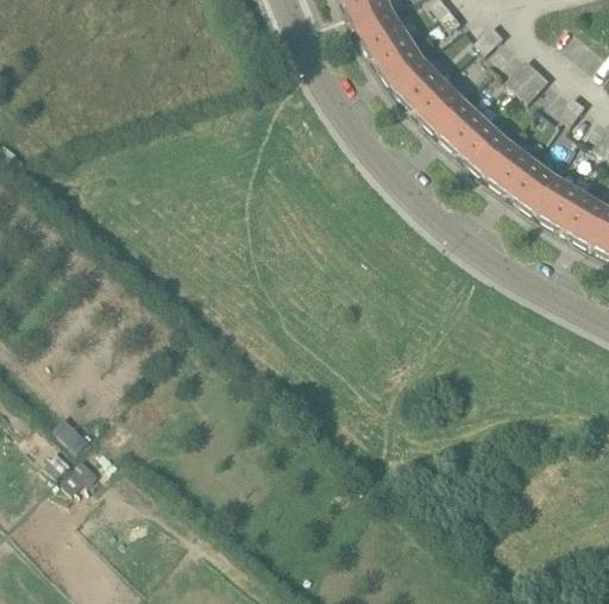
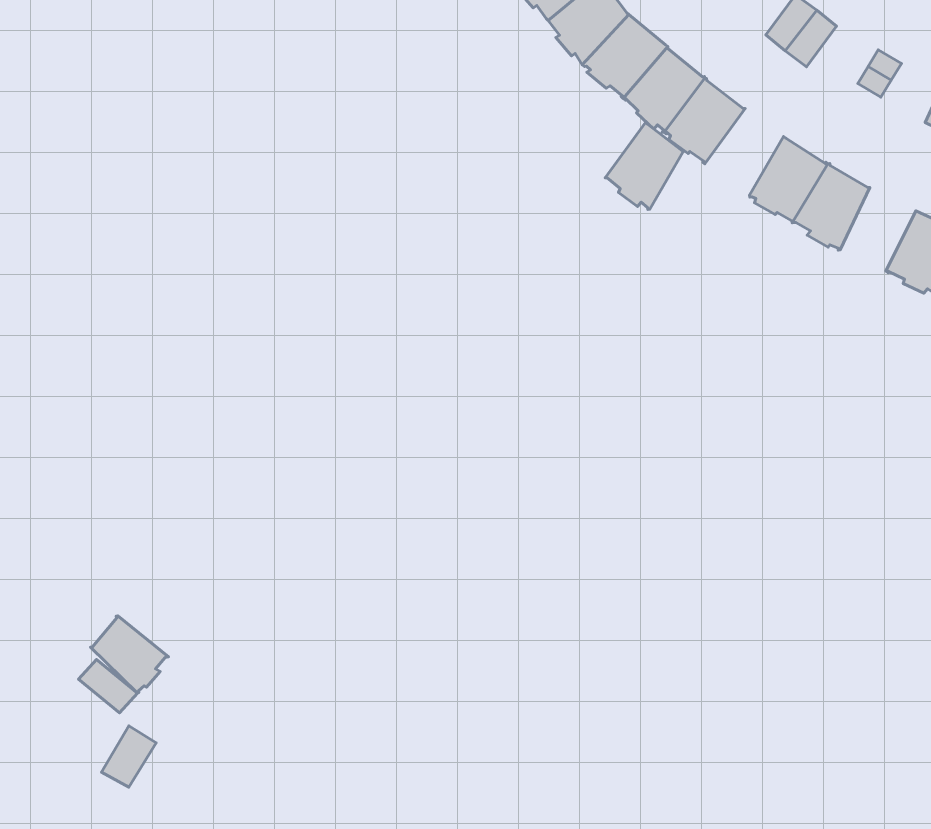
building: [463,122,511,175] -> [605,122,684,209]
building: [539,177,586,228] -> none
building: none -> [91,616,169,693]

